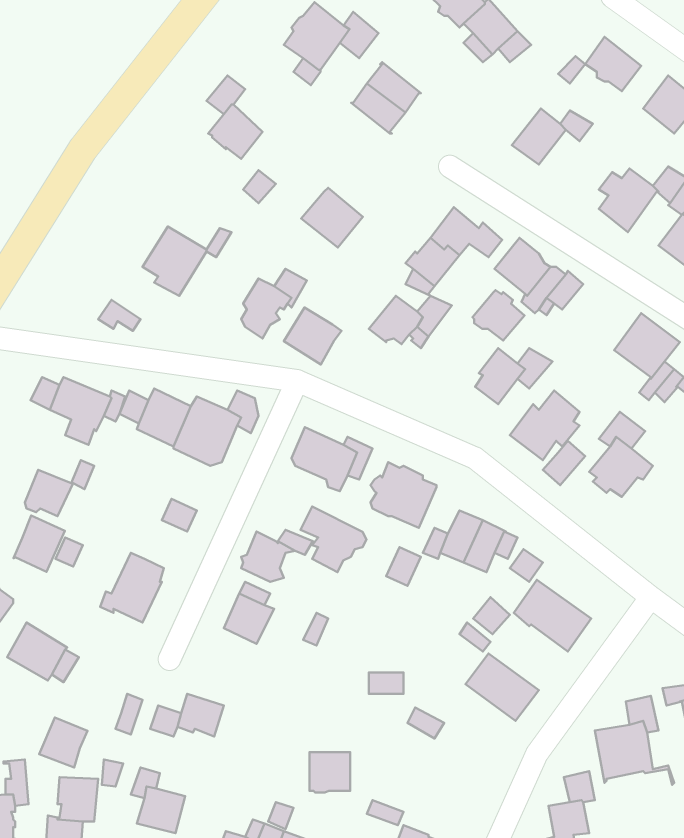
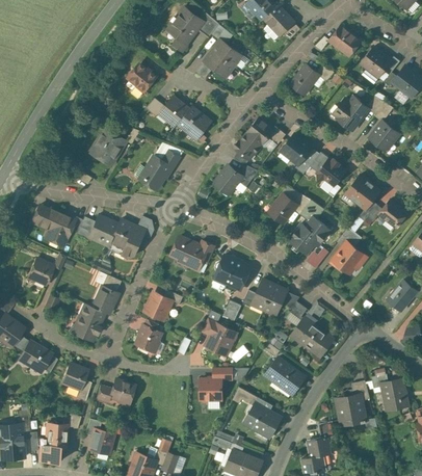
building: none -> [161,97,189,127]
building: [472,290,525,341] -> [317,158,345,185]
building: [284,308,341,364] -> none
building: [301,507,366,572] -> [202,319,237,354]
building: [14,516,65,572] -> none
building: none -> [93,286,116,314]
building: [39,717,88,768] -> [61,363,87,390]
building: none -> [243,403,281,438]
building: [310,752,350,793] -> [200,379,221,401]

